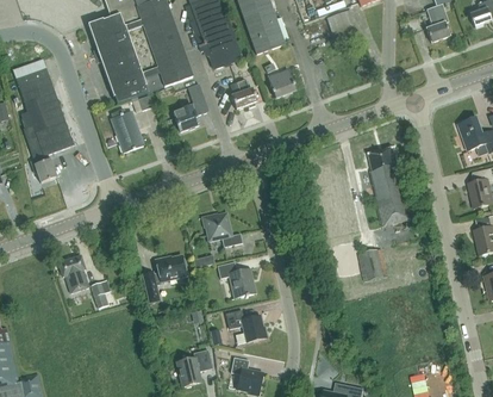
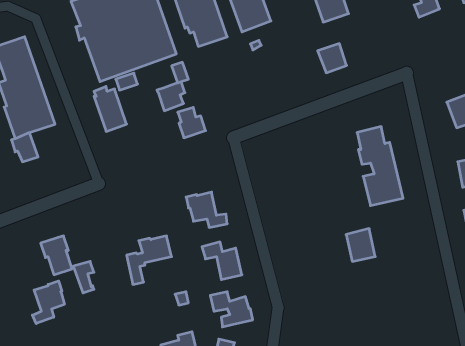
building: [267,68,295,97] -> [318,44,347,73]
building: [230,79,257,108] -> [178,107,206,138]
building: none -> [32,281,64,324]

